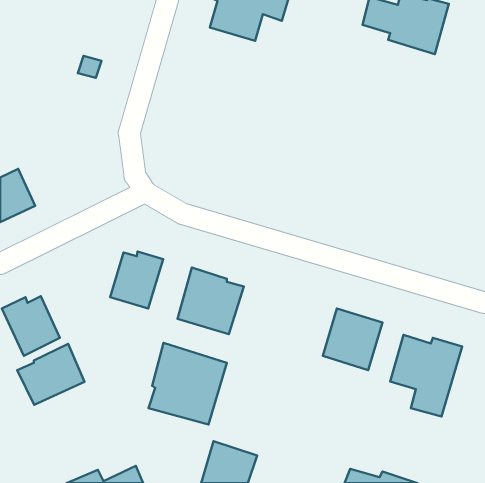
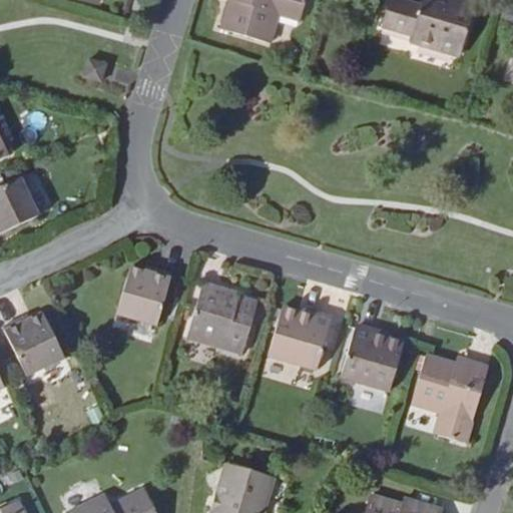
building: none -> [269,307,331,369]
building: [149,343,227,424] -> none
building: [17,344,84,405] -> none

